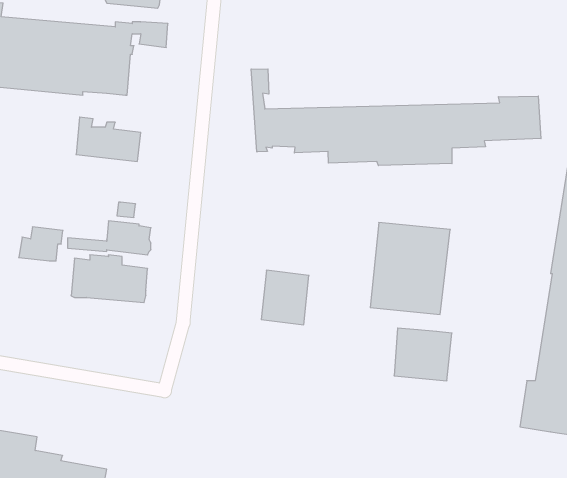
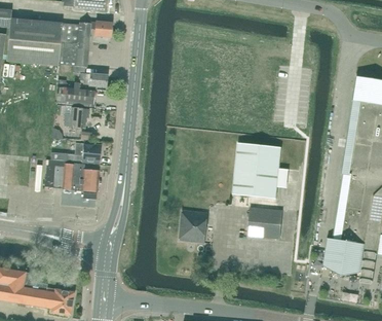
building: [251,69,541,166] -> none
building: none -> [73,65,107,87]
building: [19,227,63,261] -> [63,107,89,128]
building: [261,270,309,325] -> [179,210,207,243]

